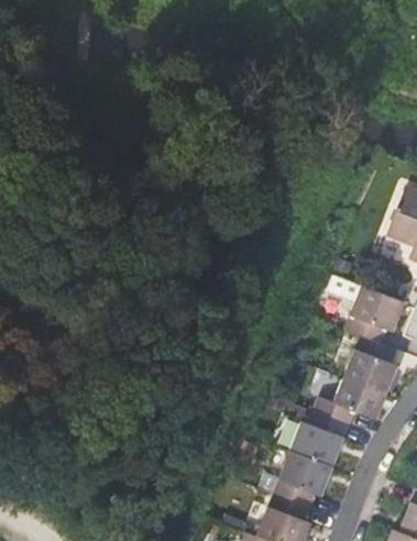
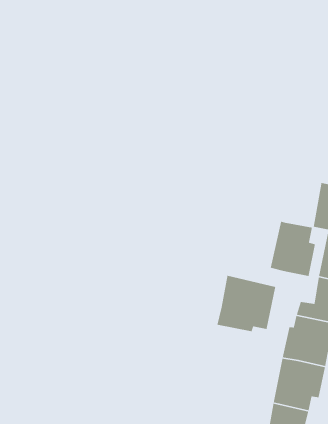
building: none -> [270,221,316,277]
building: none -> [217,275,276,332]

